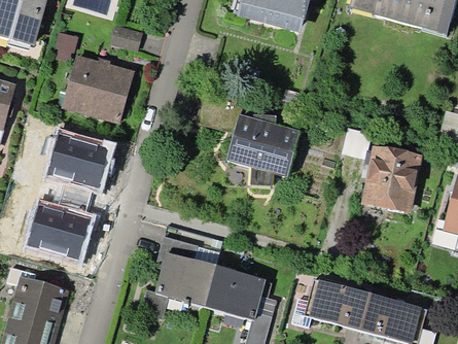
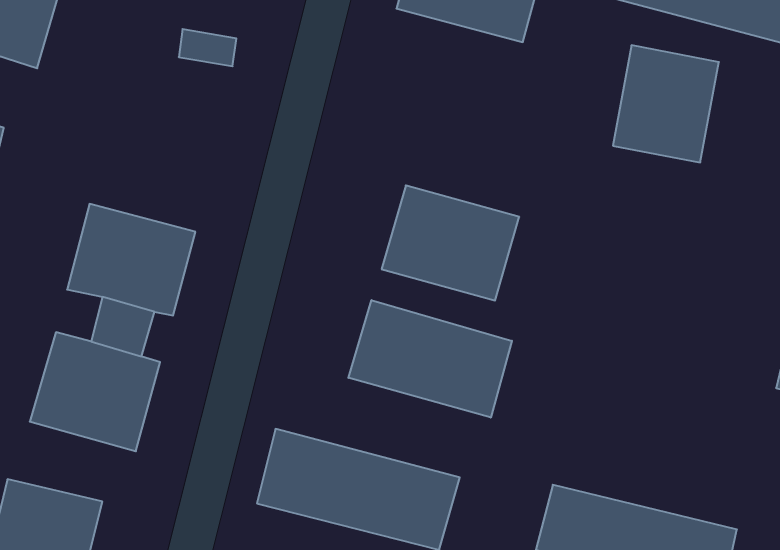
building: [62,53,134,119] -> none
building: [361,147,420,212] -> [613,45,719,162]
building: none -> [348,300,512,418]

